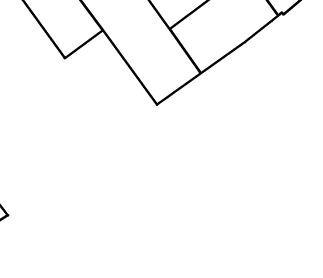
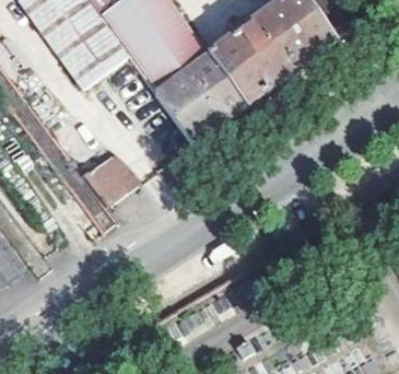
building: none -> [82,159,127,206]

